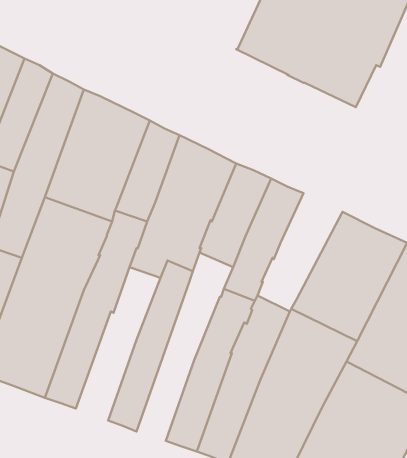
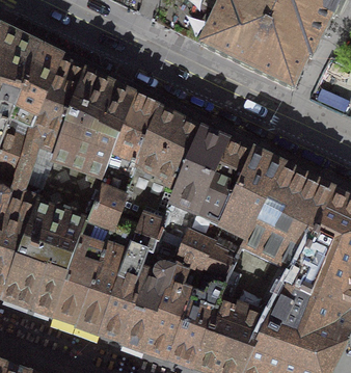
building: none -> [217,155,282,246]
building: none -> [124,201,198,346]
building: none -> [77,212,142,330]

